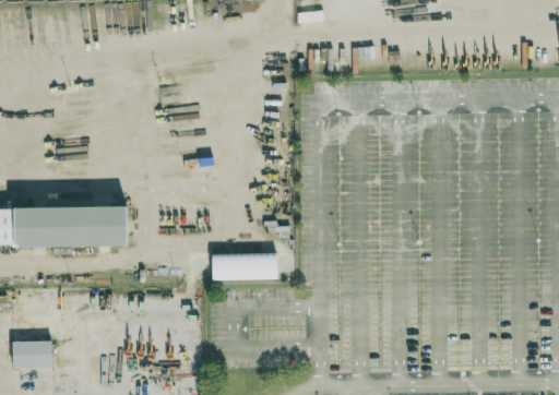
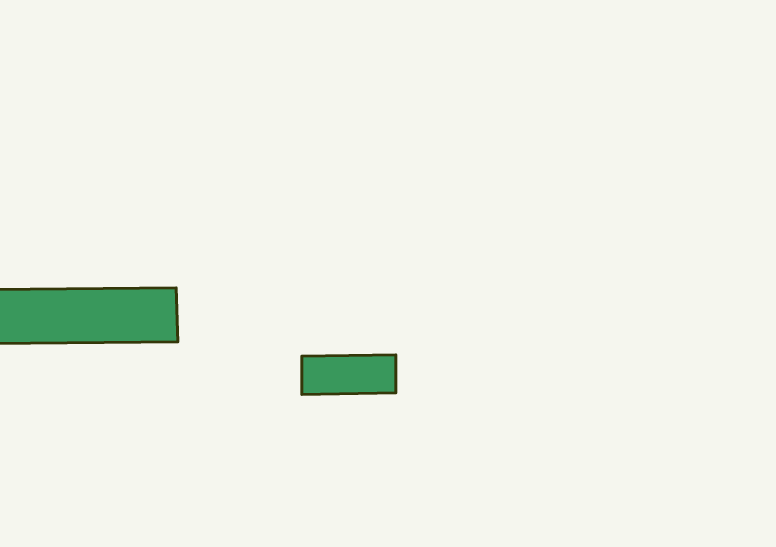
building: [11,340,51,369] -> none

